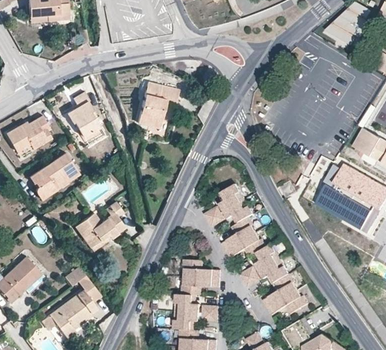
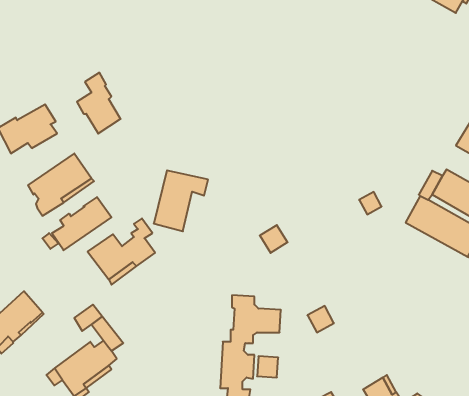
building: [138,82,179,128] -> [154,170,208,231]
building: [220,184,309,315] -> none
building: none -> [52,197,111,250]

